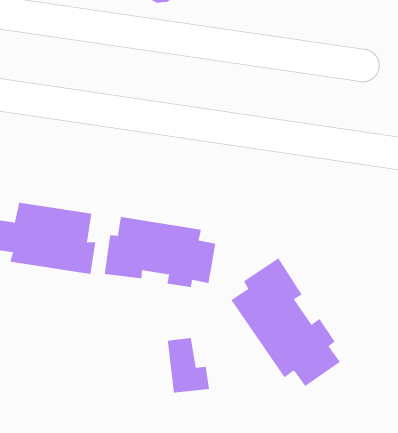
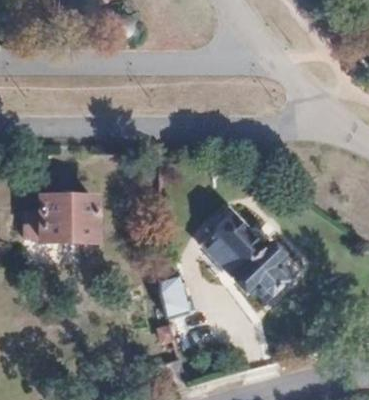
building: [104,216,216,288] -> none

